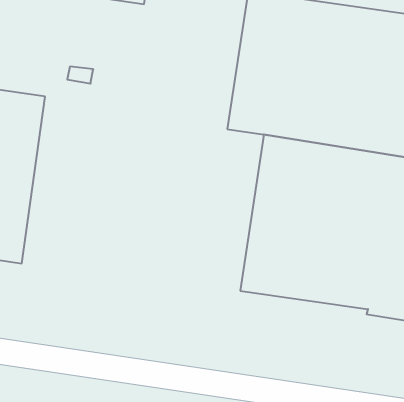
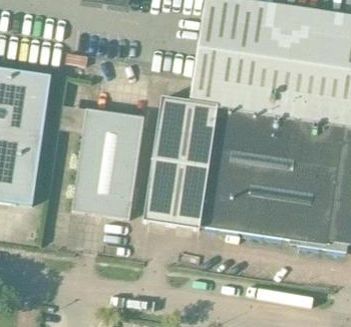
building: none -> [142,97,218,230]
building: none -> [71,108,143,219]

